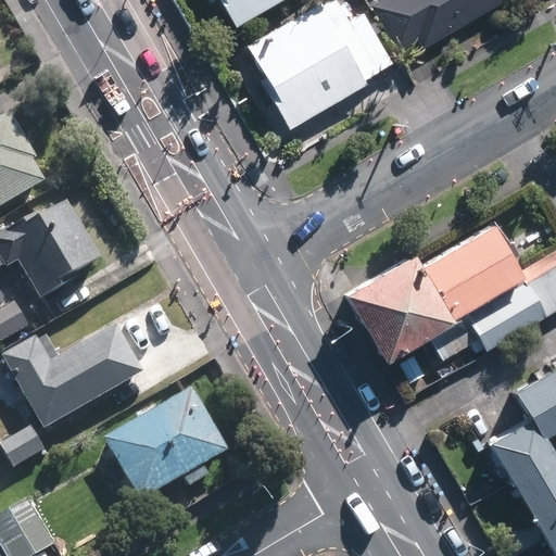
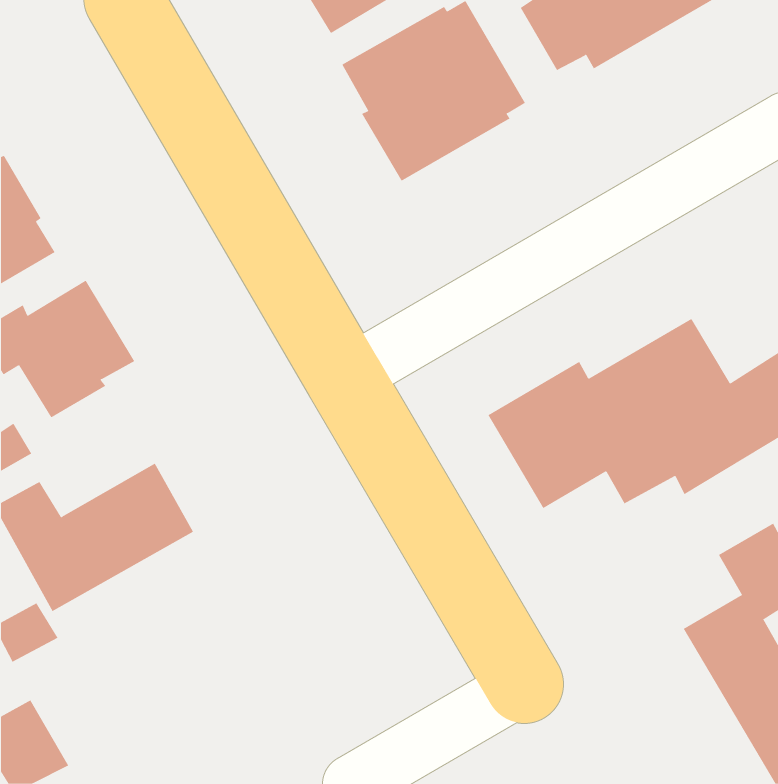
building: [103,383,227,497] -> none

